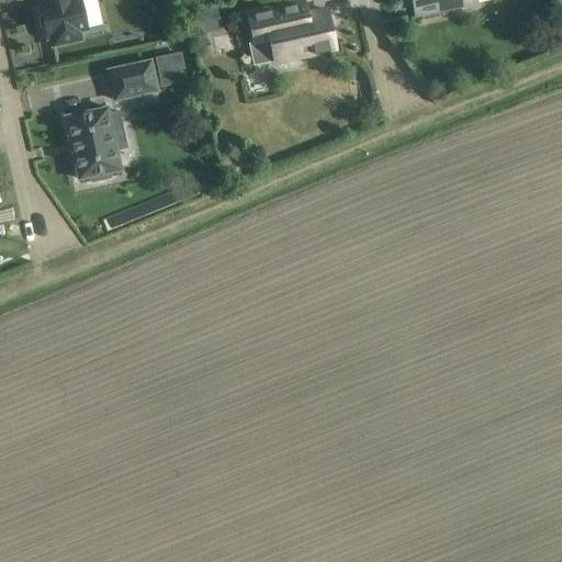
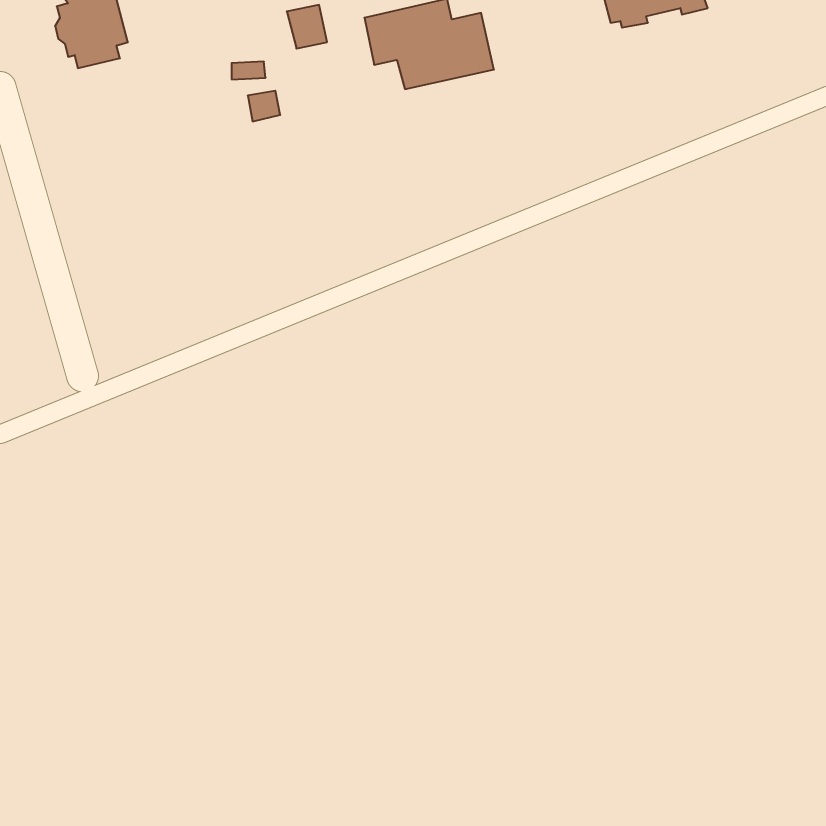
building: [109,60,158,99] -> none
building: [66,106,123,181] -> none

